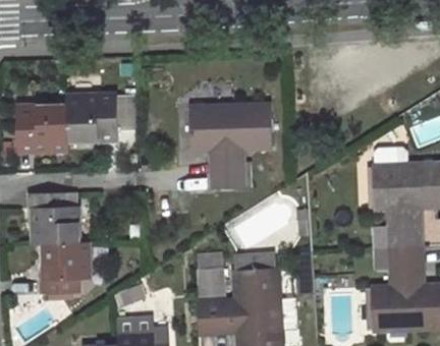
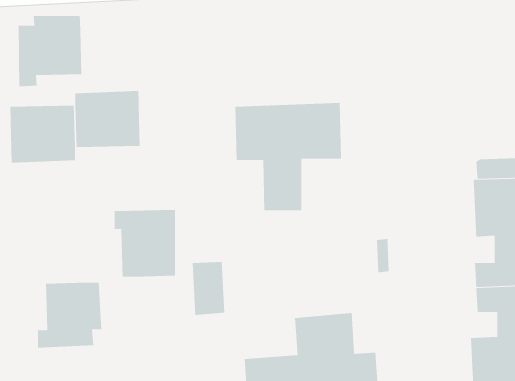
building: none -> [18,15,82,87]
building: [26,192,74,244] -> [114,210,176,277]
building: [198,255,223,297] -> [192,261,225,316]

